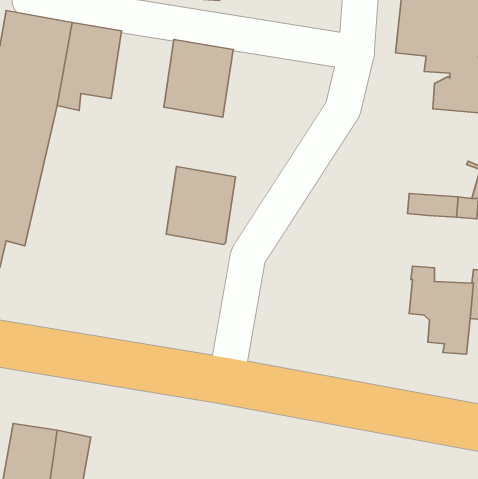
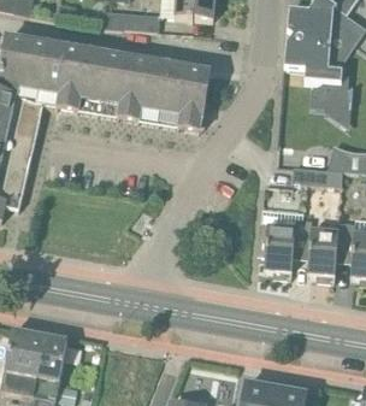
building: none -> [81,49,125,104]
building: [166,167,236,244] -> [160,63,209,118]
building: none -> [259,223,295,276]

